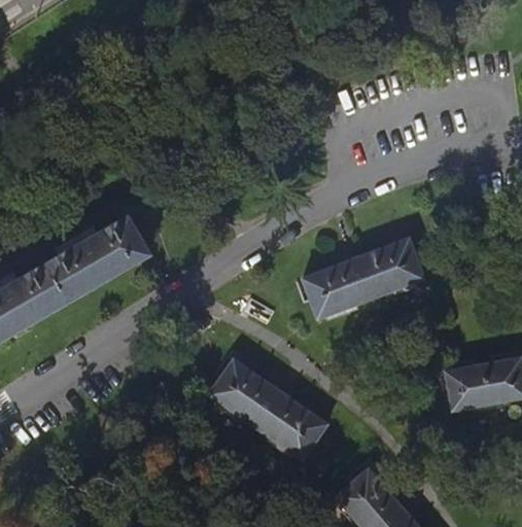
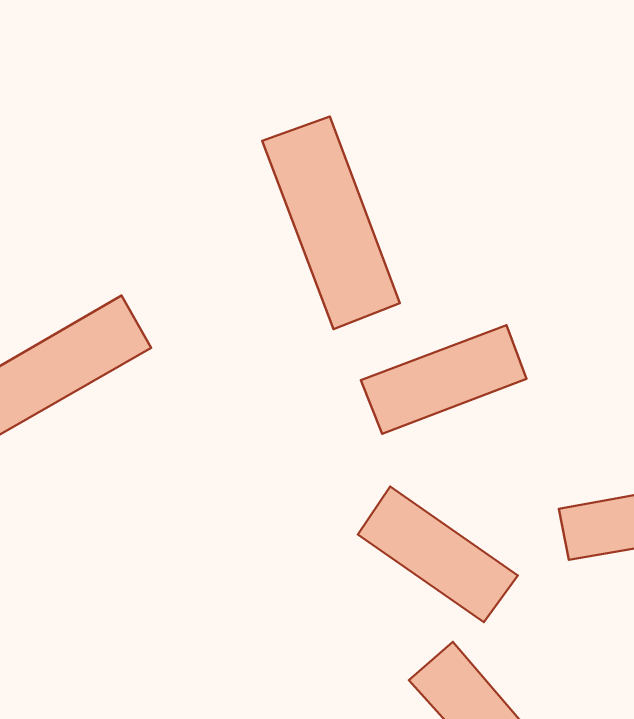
building: none -> [262,116,400,329]
building: [210,359,326,458] -> [358,487,518,622]

